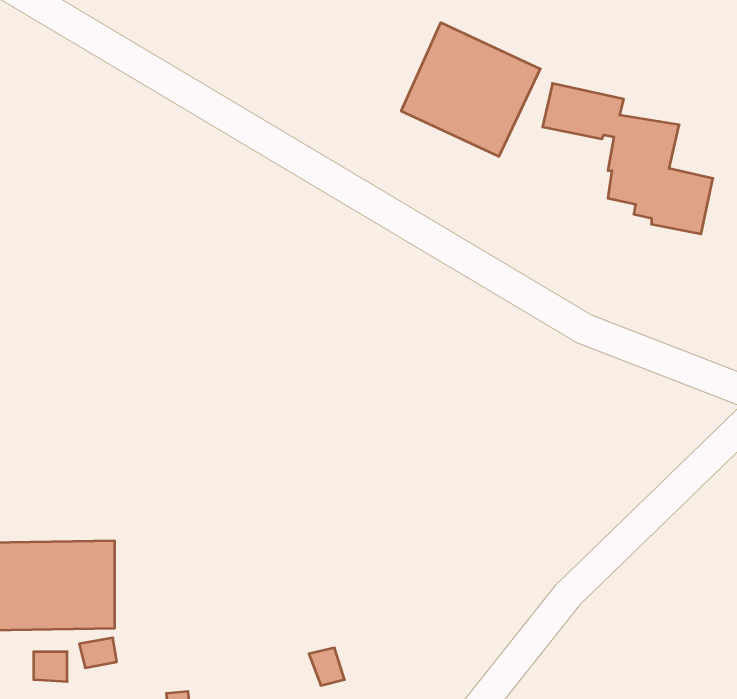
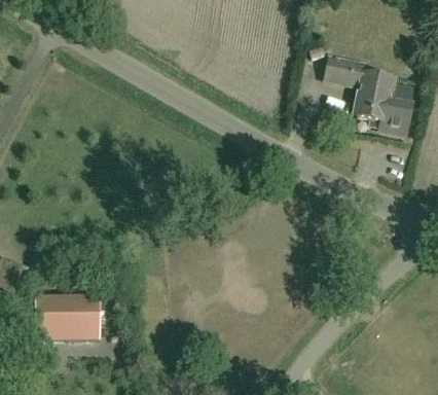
building: [401,23,540,156] -> none

